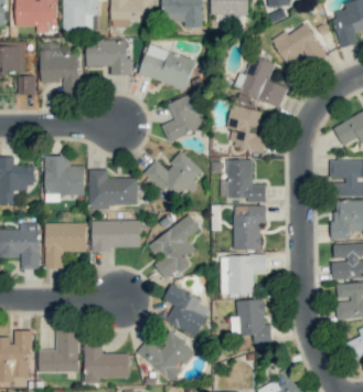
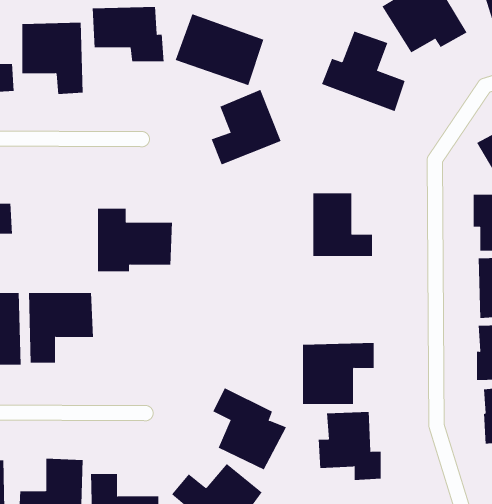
building: [227,105,267,152] -> none
building: [143,151,204,203] -> none
building: [45,156,85,202] -> none
building: [233,205,266,251] -> none
building: [148,214,200,280] -> none
building: [92,220,141,252] -> none

